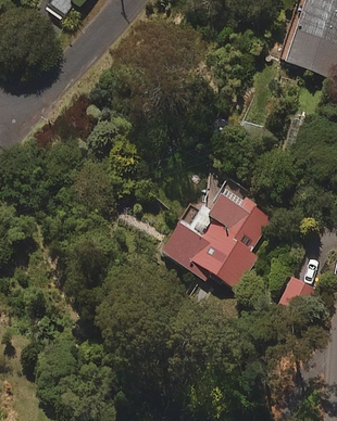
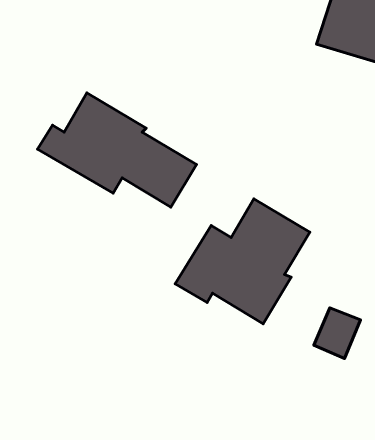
building: none -> [38,93,196,207]

